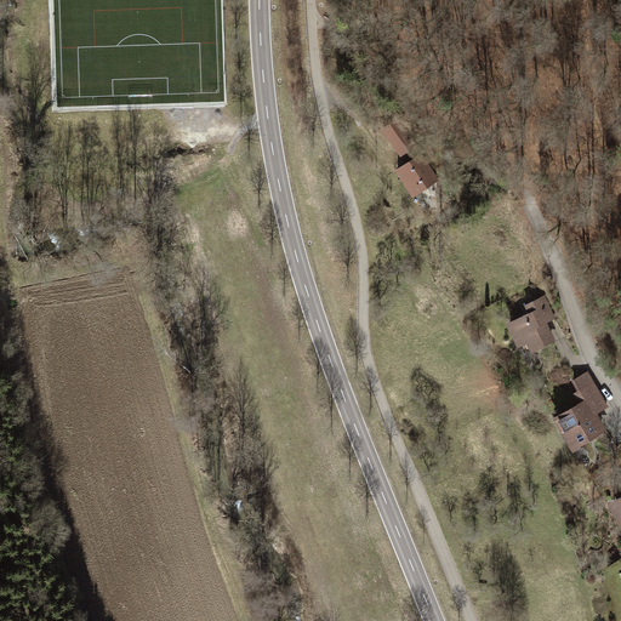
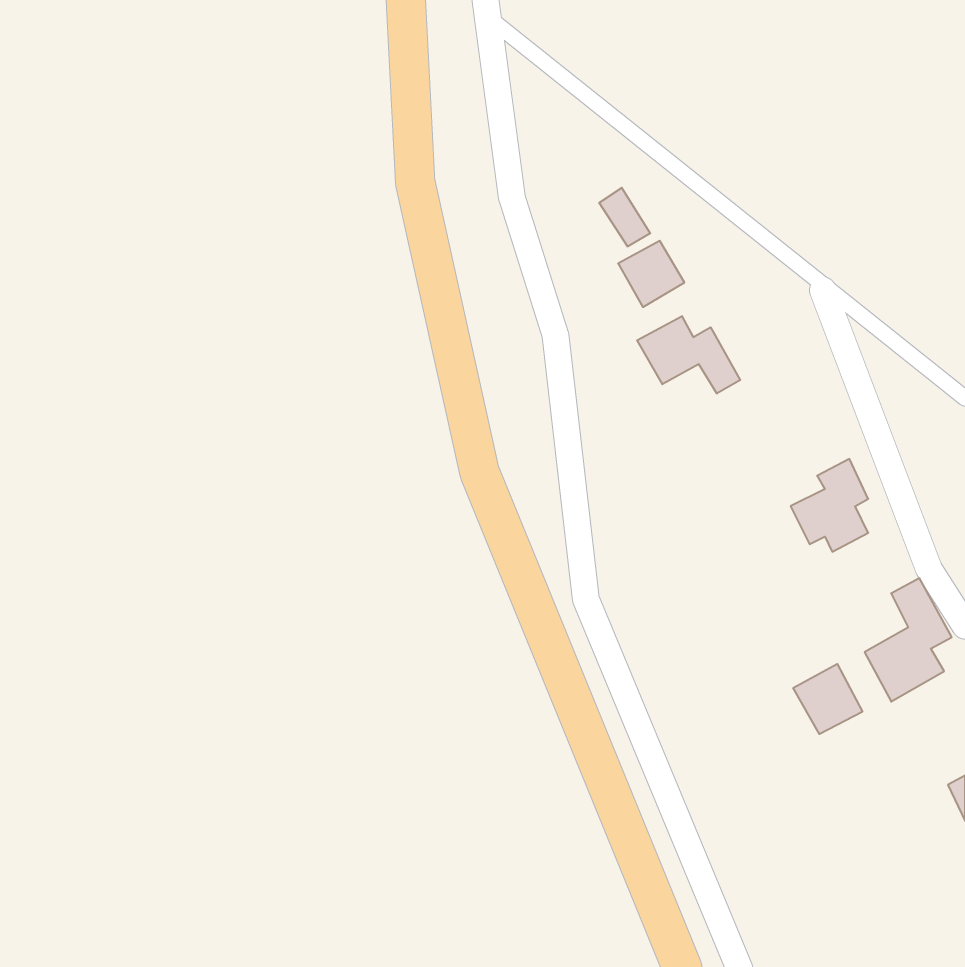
building: none -> [637,316,740,394]
building: none -> [793,664,862,734]

